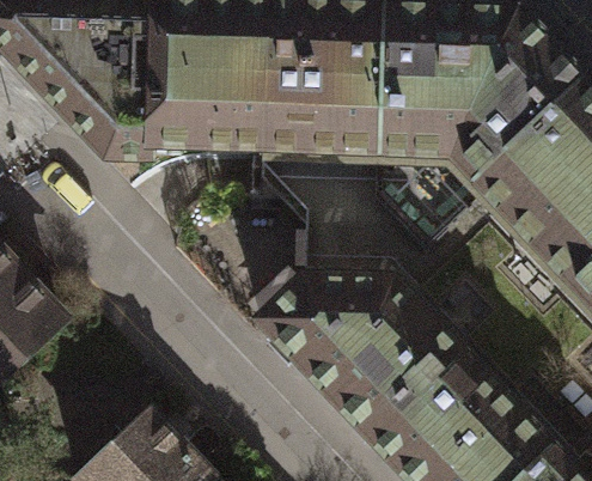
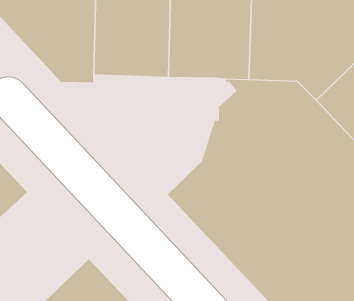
building: [270,151,368,278] -> none

